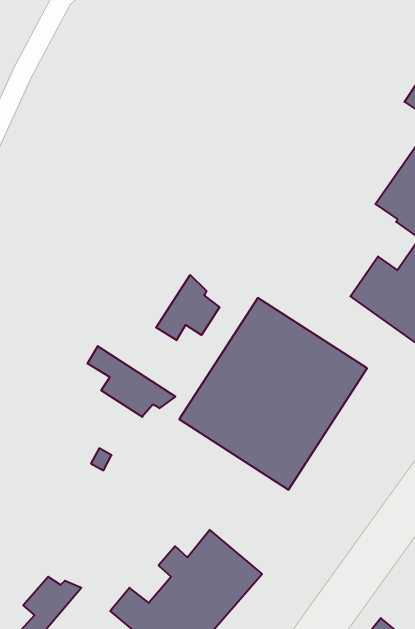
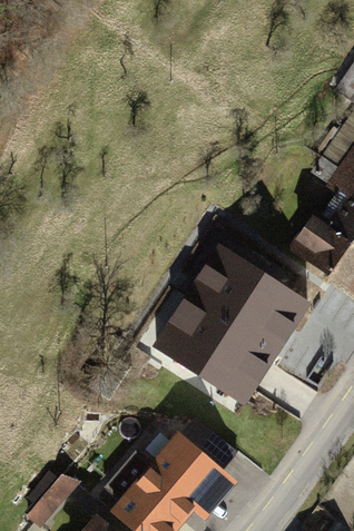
building: [156,275,219,340] -> none
building: [87,346,175,417] -> none

